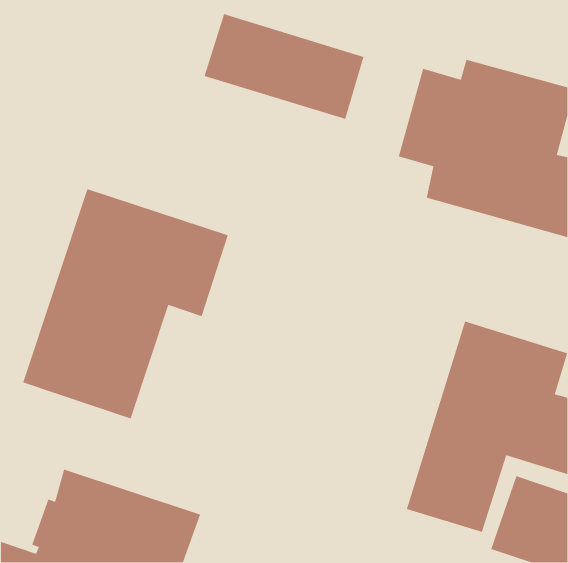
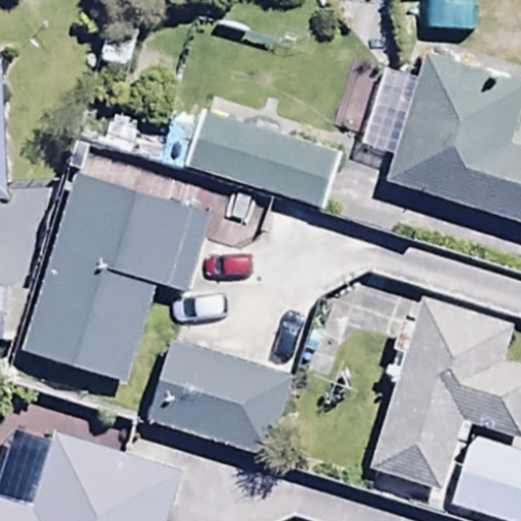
building: [203,13,365,120] -> [190,111,338,209]
building: none -> [148,342,291,457]

